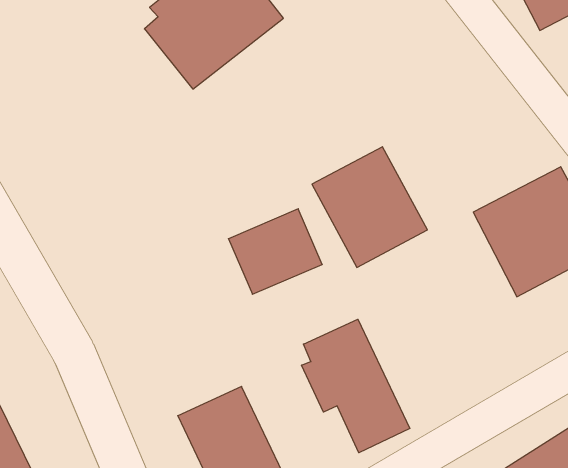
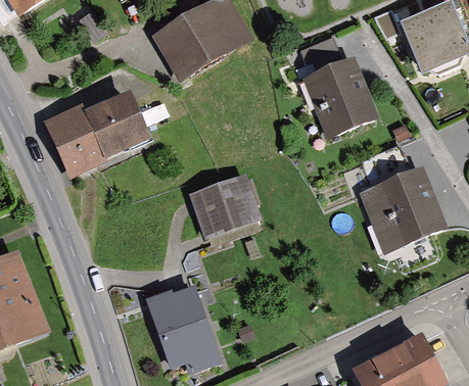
building: none -> [50,101,144,174]
building: [312,147,427,267] -> [307,54,382,135]
building: [302,319,410,453] -> none

